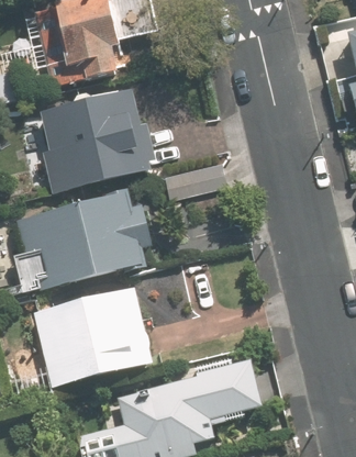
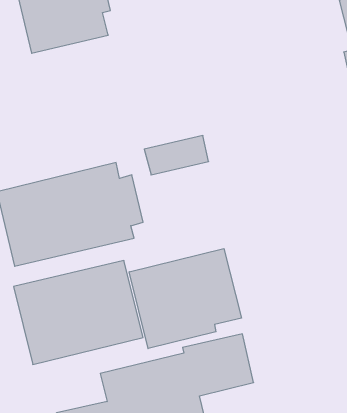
building: [36,85,160,194] -> none
building: none -> [129,249,241,349]

